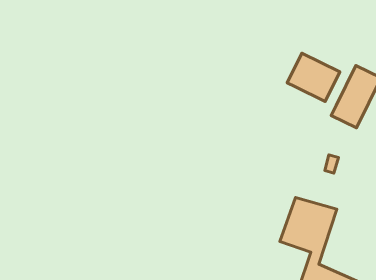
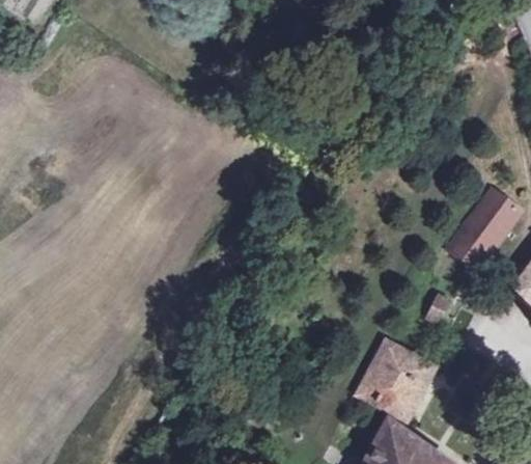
building: [287,53,340,101] -> none

